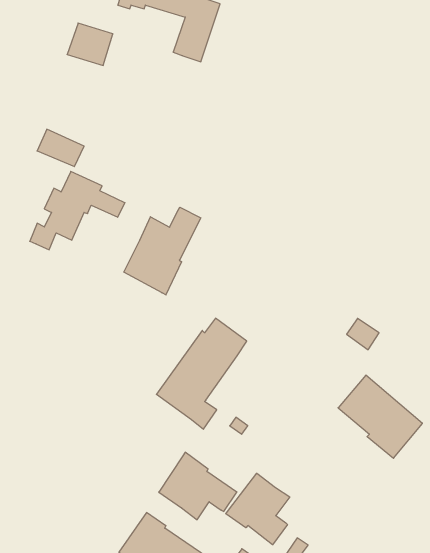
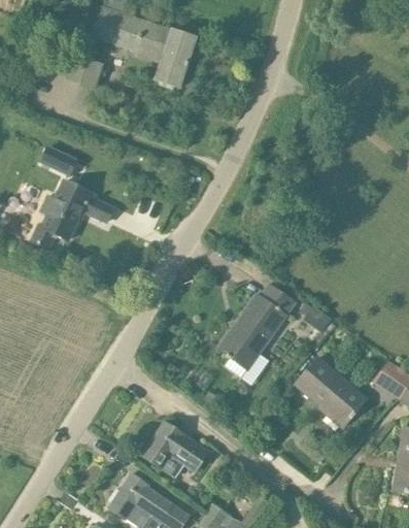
building: [124,207,201,295] -> none
building: [156,318,247,429] -> [217,283,295,377]
building: [226,473,290,545] -> none

